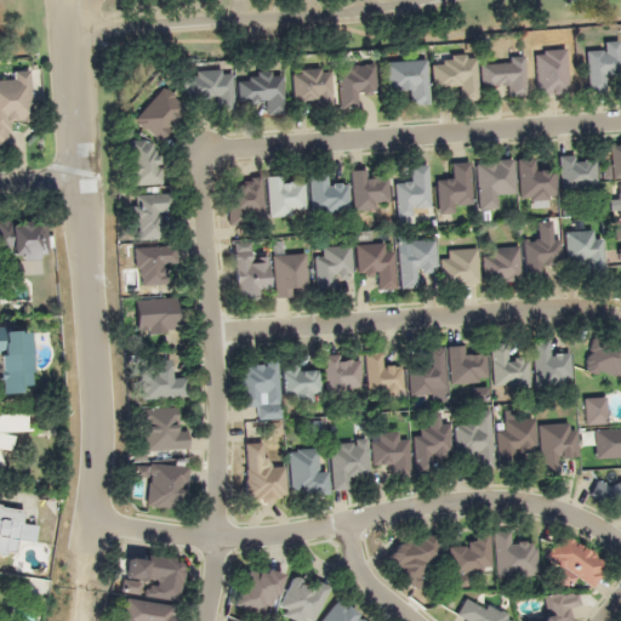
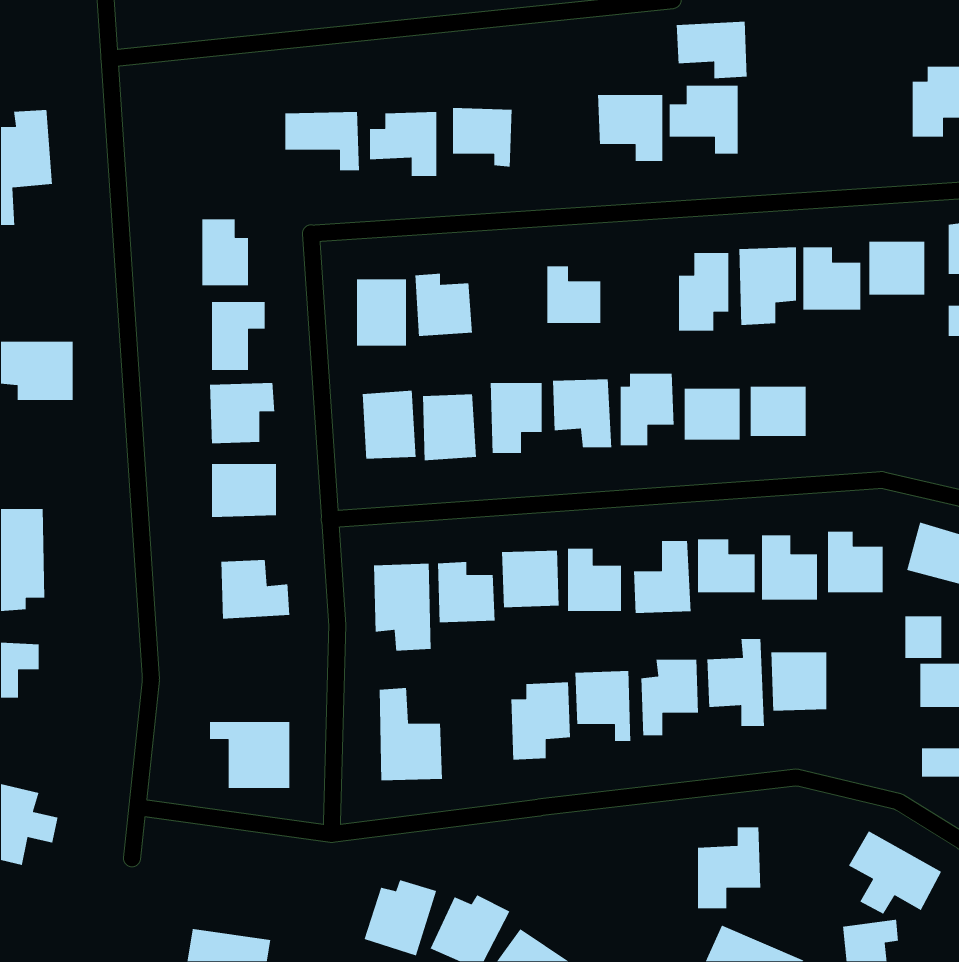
building: [537,50,570,93] -> none
building: [483,58,529,96] -> [676,21,748,79]
building: [340,64,376,107] -> none
building: [136,87,189,141] -> none
building: [397,166,431,216] -> none
building: [310,173,349,215] -> none
building: [525,220,560,279] -> none
building: [566,230,604,274] -> none
building: [146,408,189,451] -> none
building: [540,423,579,469] -> none
building: [290,449,329,495] -> none
building: [496,531,540,577] -> none
building: [392,537,441,586] -> none
building: [125,553,187,602] -> none

